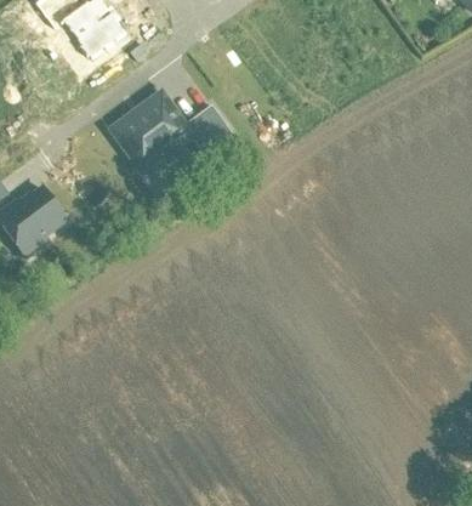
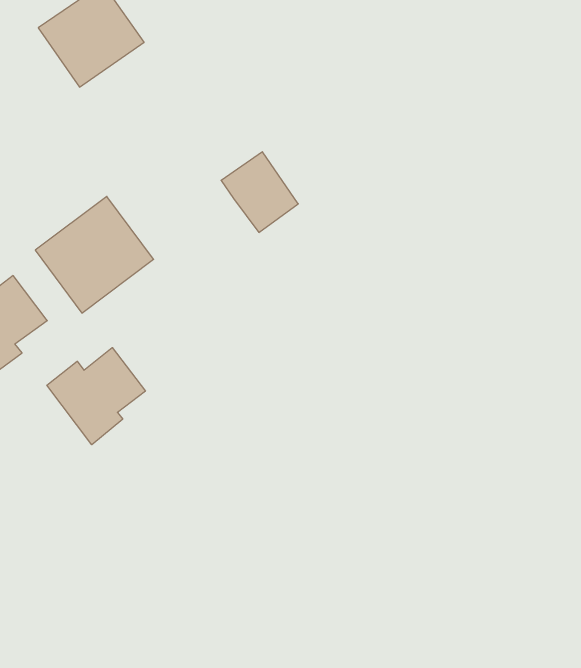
building: [112,93,192,172] -> [35,196,154,313]
building: none -> [47,348,145,445]

